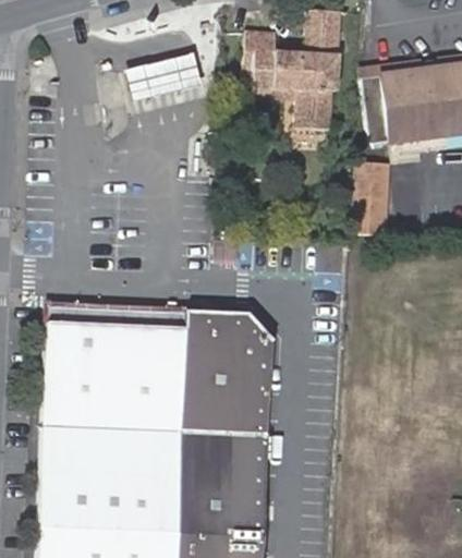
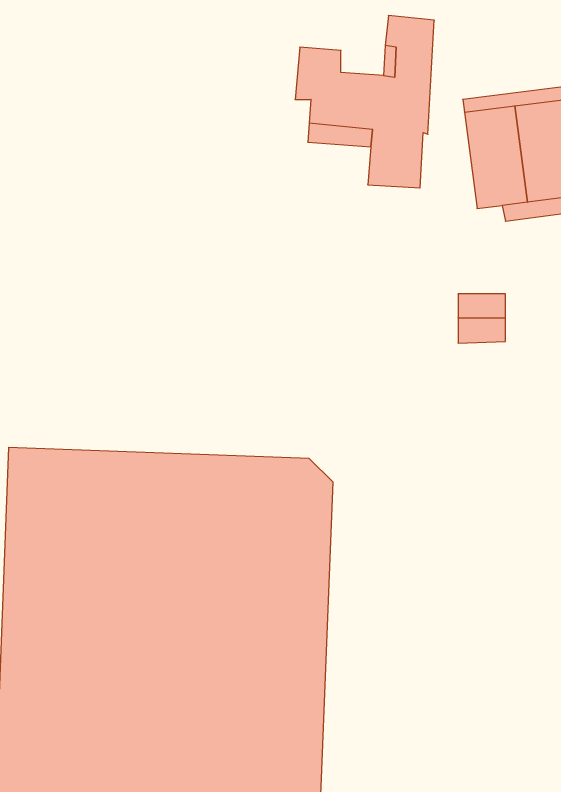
building: [127,58,197,97] -> none
building: [356,166,389,203] -> none

